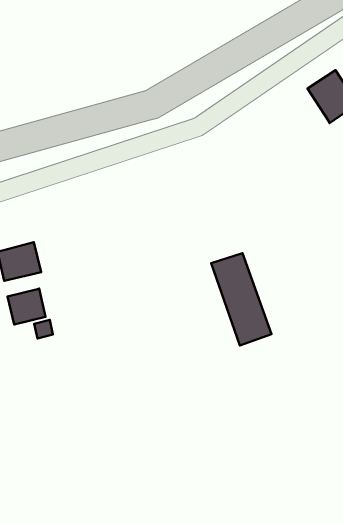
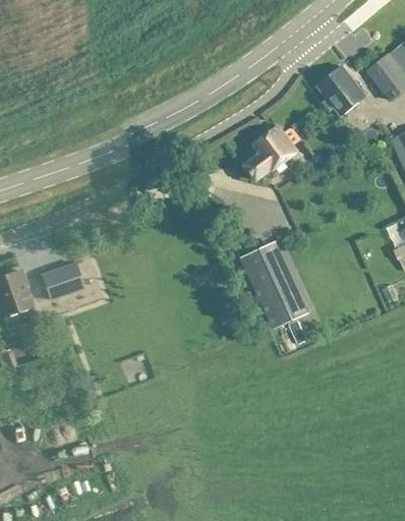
building: none -> [243,125,299,180]
building: [8,288,45,324] -> none

